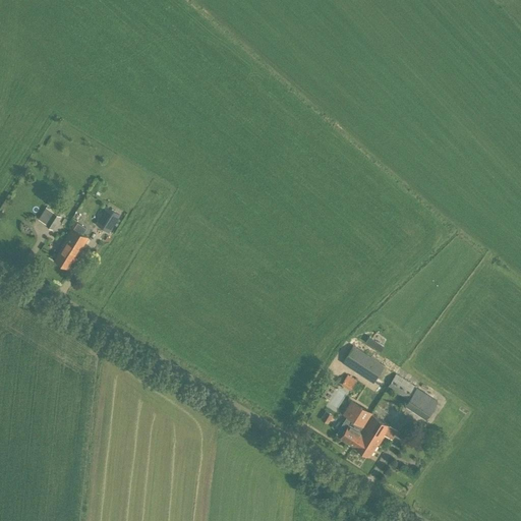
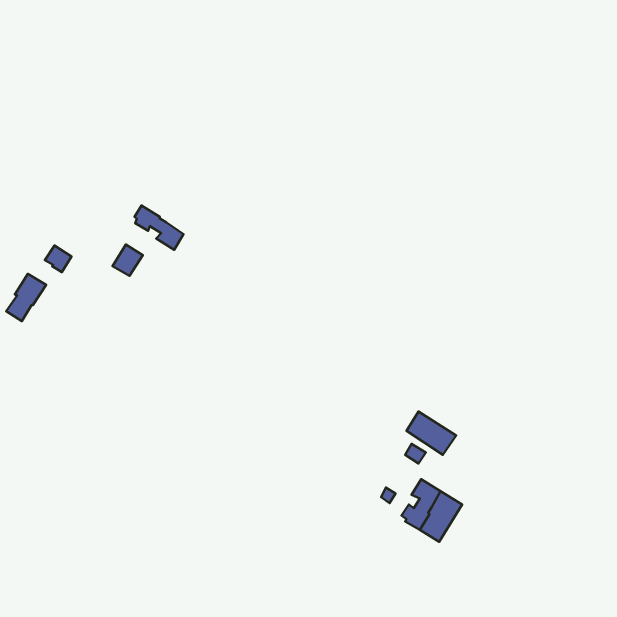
building: none -> [134,206,183,250]
building: [55,229,89,269] -> [6,274,46,321]
building: [389,374,439,419] -> none

